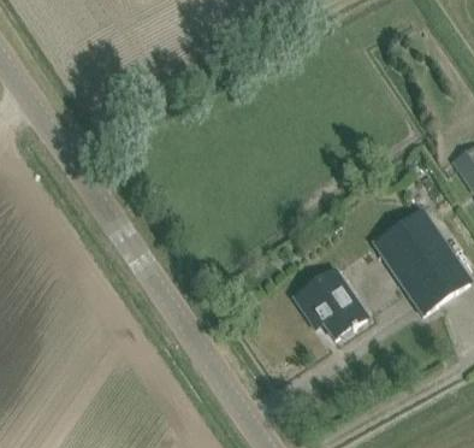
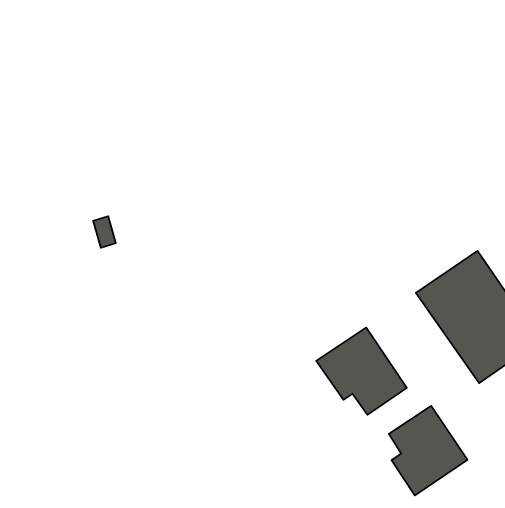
building: none -> [389,406,467,496]

